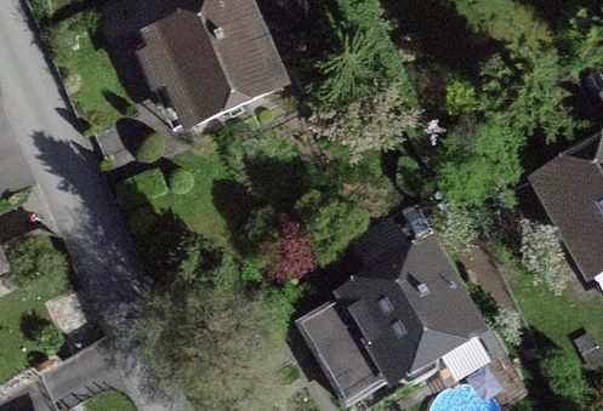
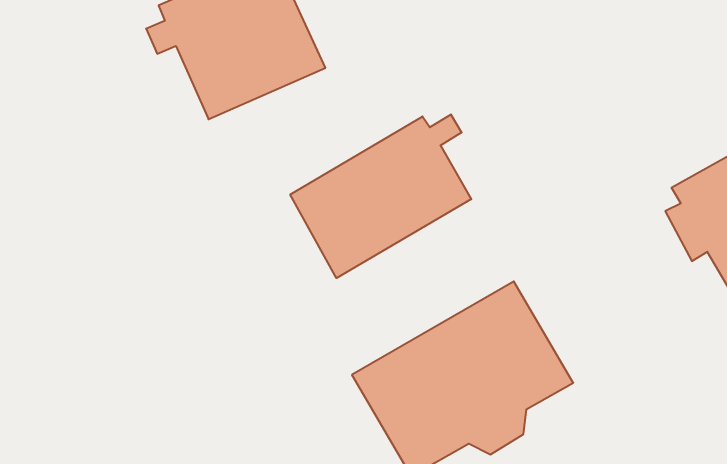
building: none -> [290,114,471,278]

